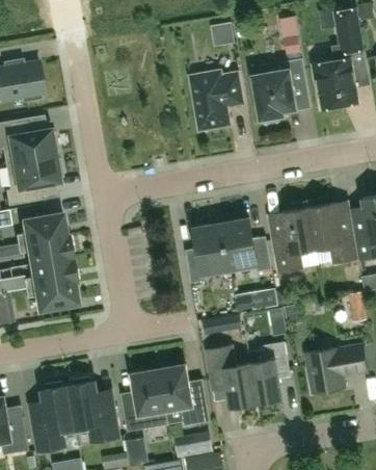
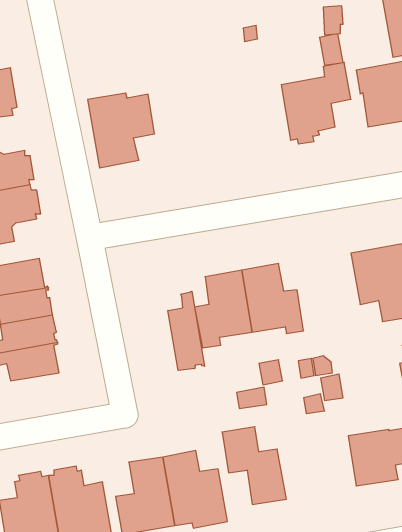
building: [189,72,242,131] -> [88,93,155,168]
building: [267,209,315,272] -> none
building: none -> [168,291,205,370]
building: [248,342,289,403] -> none

